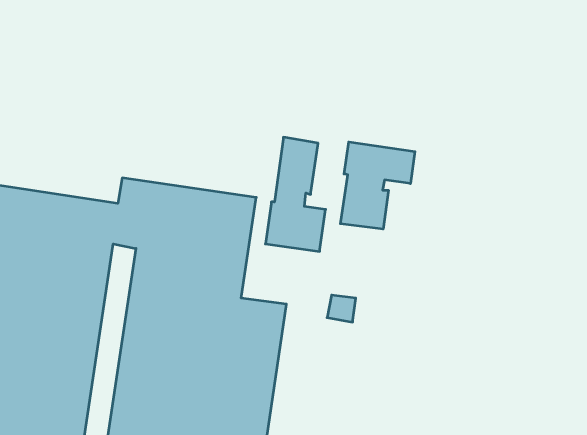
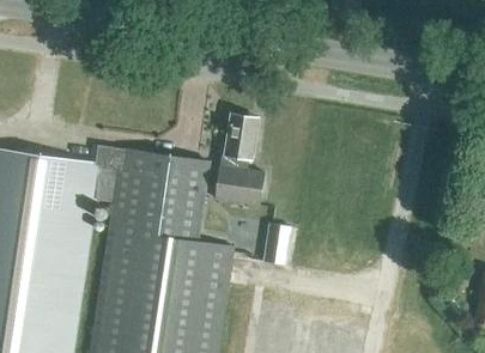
building: [340,142,415,229] -> none

